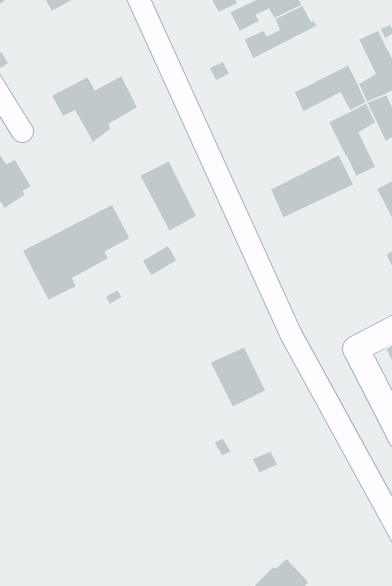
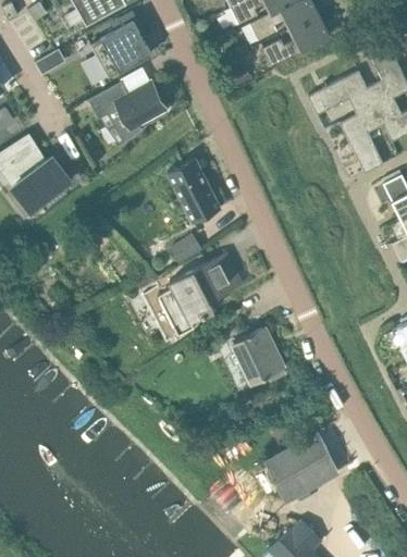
building: none -> [90,21,151,77]
building: [270,154,354,218] -> none
building: [22,204,131,301] -> [143,252,242,341]
building: none -> [268,432,336,495]

